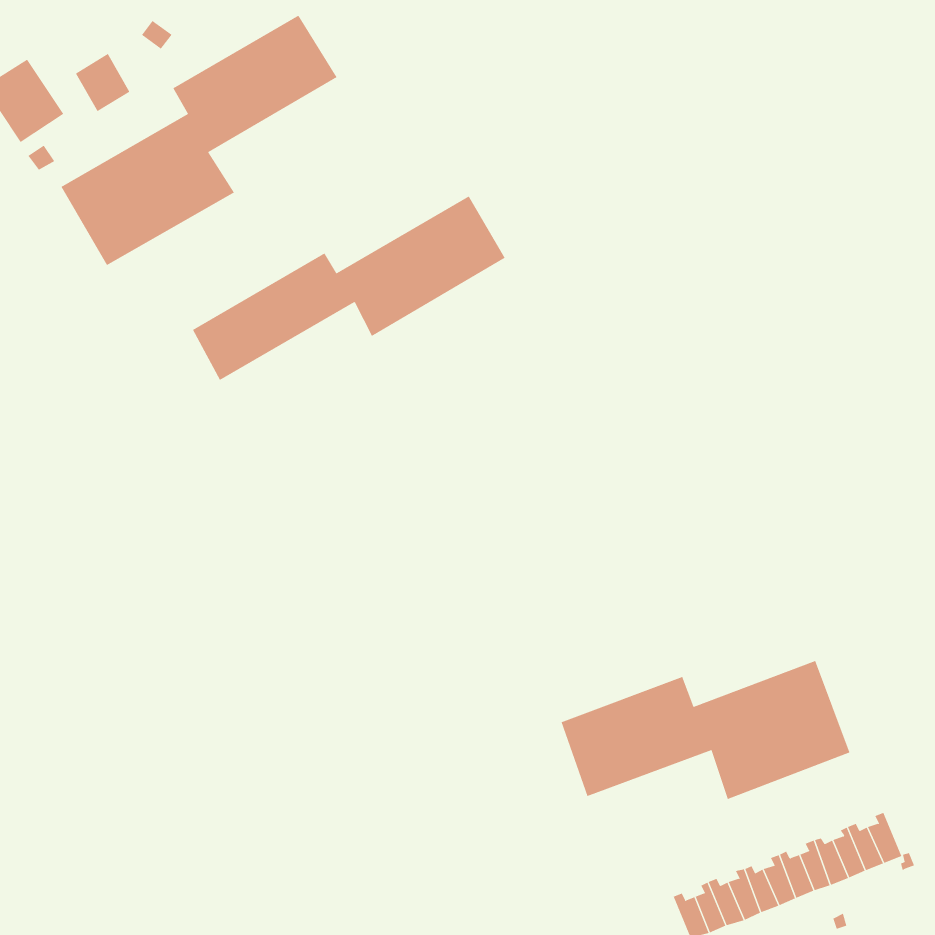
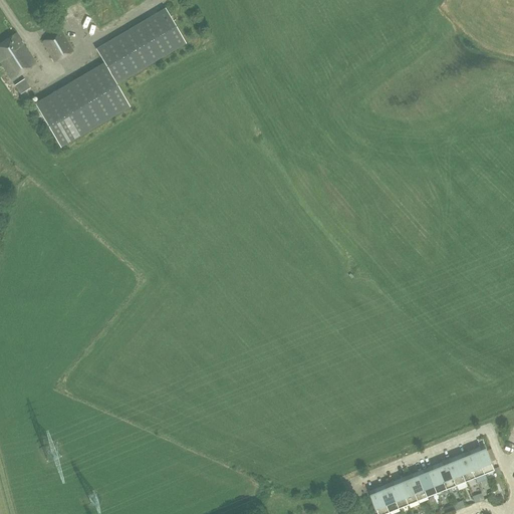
building: [192,196,505,381] -> none
building: [561,660,850,800] -> none

